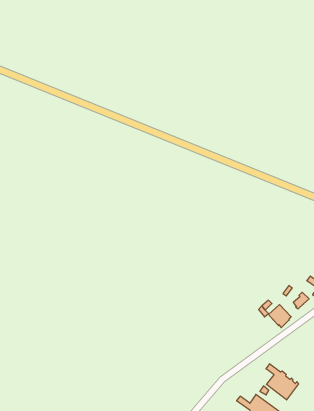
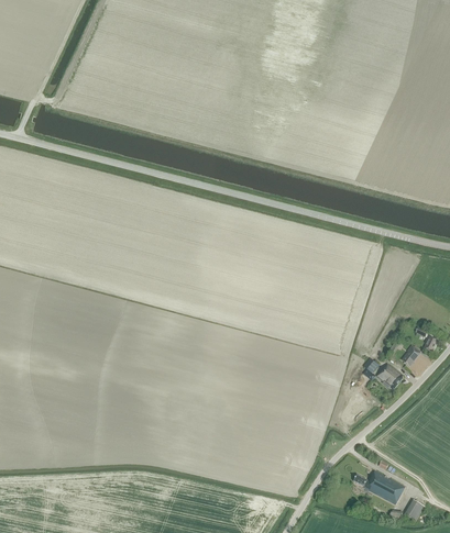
building: [266,364,298,400] -> none

